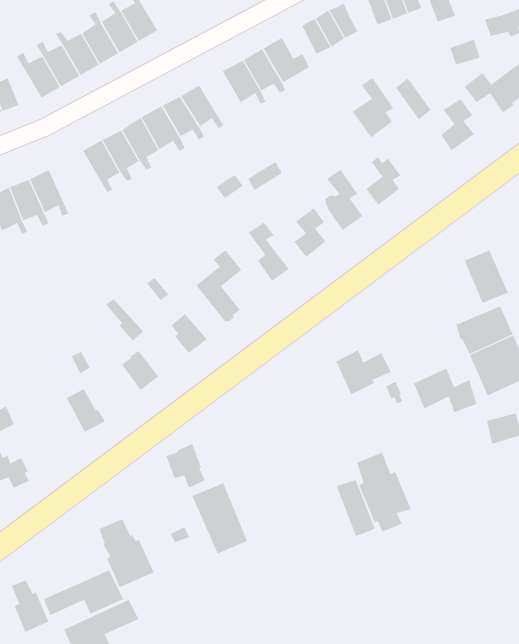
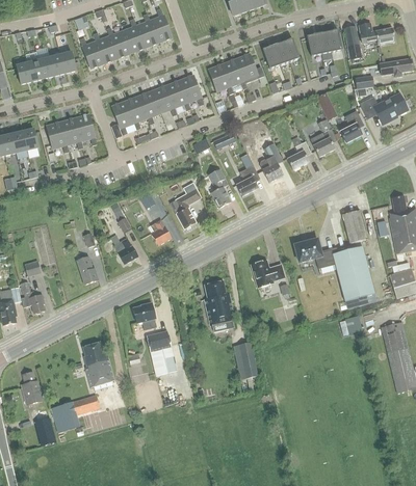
building: [352,77,394,138] -> [310,117,337,156]
building: [413,368,477,413] -> [293,238,332,267]
building: [356,452,411,532] -> [204,279,235,330]
building: [43,570,124,616] -> none

